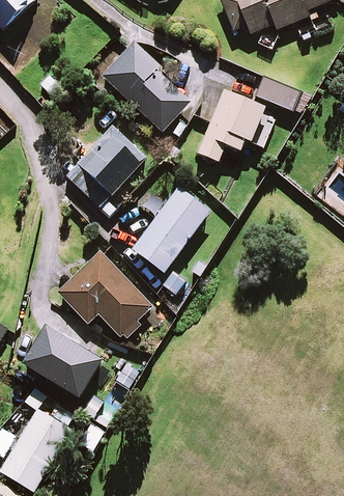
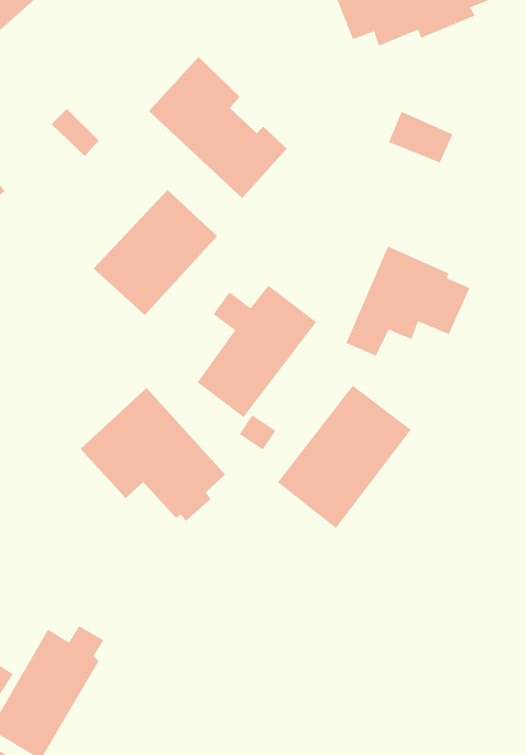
building: [197,90,277,161] -> [345,246,470,356]
building: none -> [277,385,411,529]
building: [22,325,110,397] -> none

